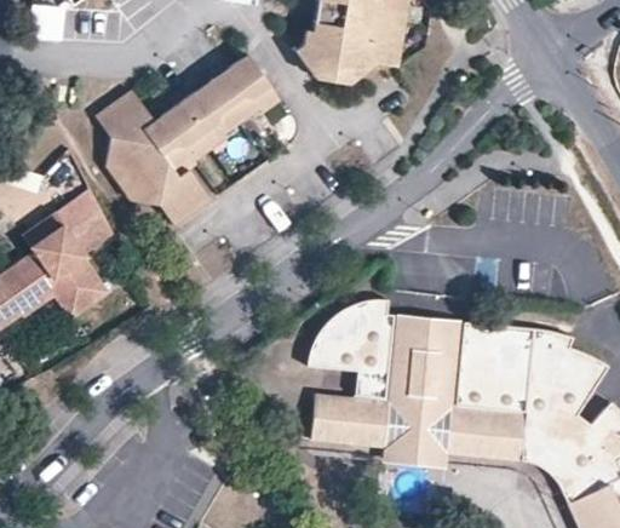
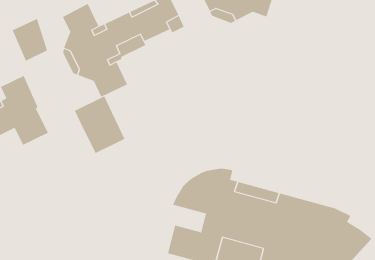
building: [56,189,114,256] -> [12,18,48,61]
building: none -> [74,96,125,154]

